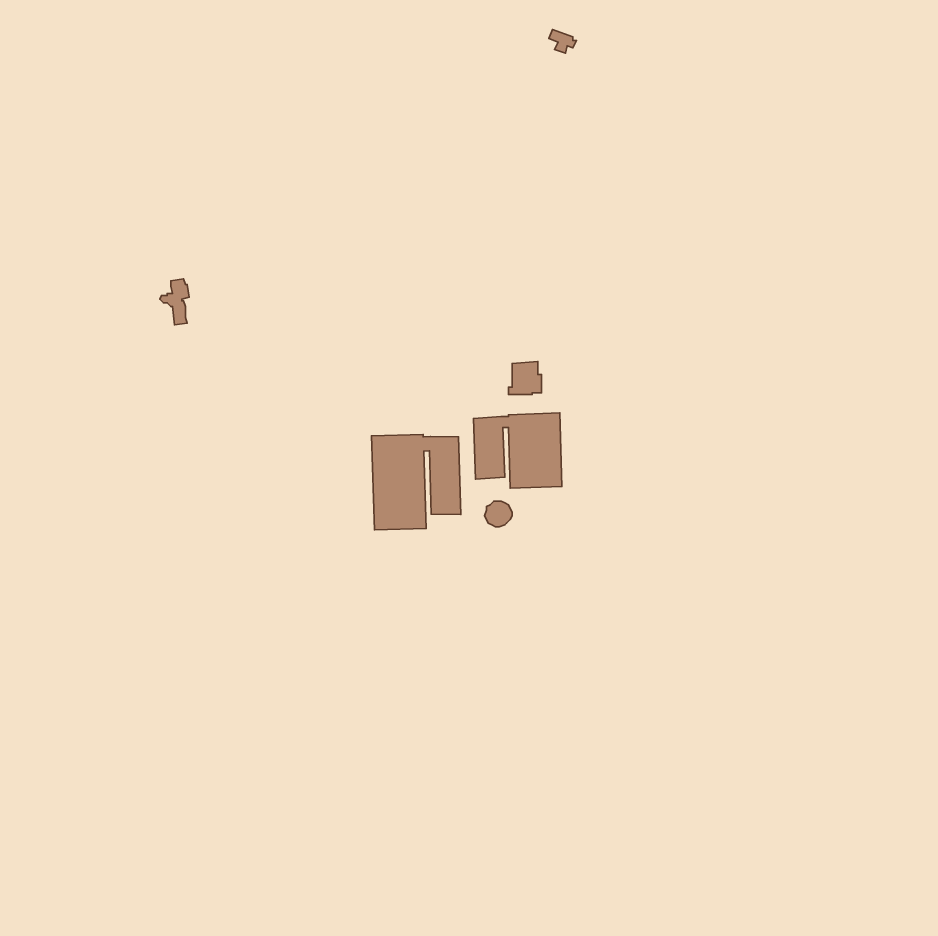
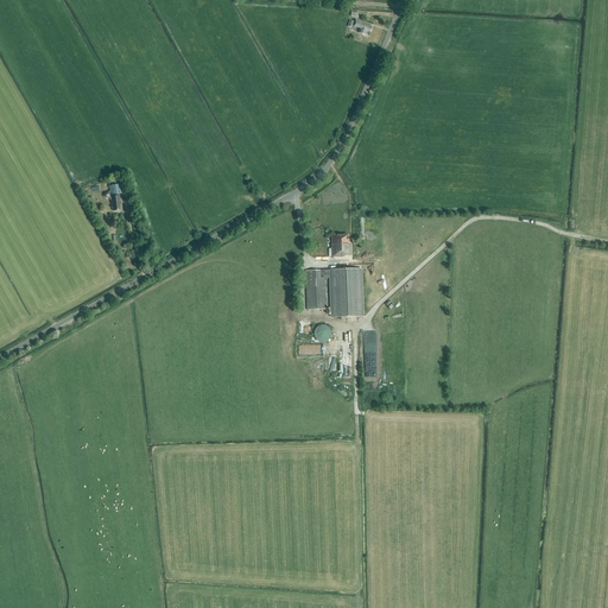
building: [371,435,461,530] -> none

